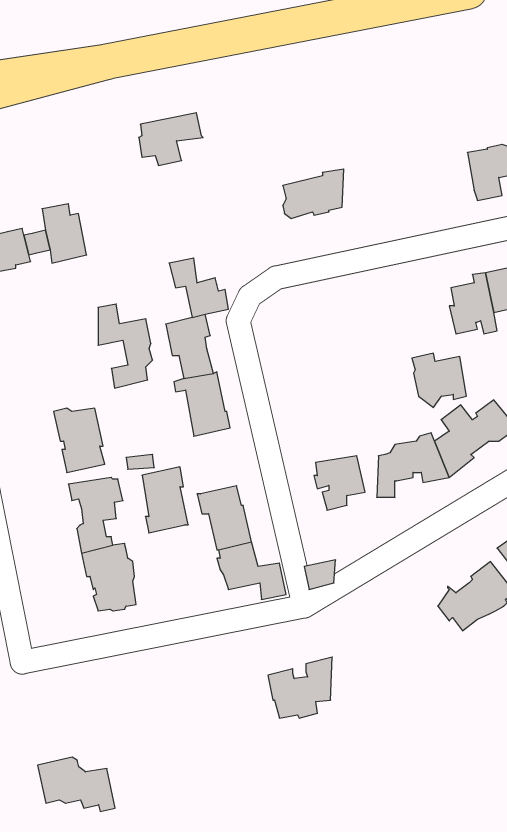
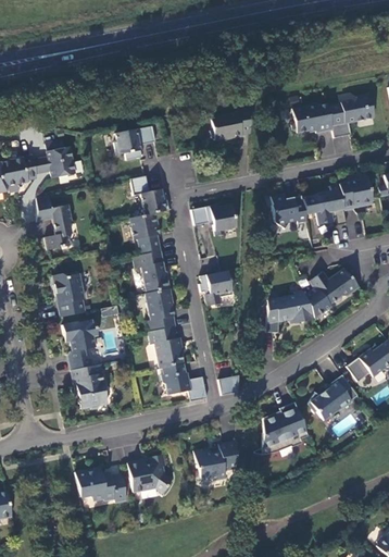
building: [139,113,203,165] -> [113,125,155,160]
building: none -> [291,103,330,134]
building: none -> [191,203,236,235]
building: [98,304,153,388] -> [37,195,73,250]
building: [412,353,466,408] -> [269,194,305,230]
building: [314,456,365,510] -> [199,270,233,306]
building: [142,467,188,533] -> [146,287,176,331]
building: none -> [262,403,308,455]
building: none -> [128,454,173,493]
building: [38,757,115,811] -> [76,467,127,503]

